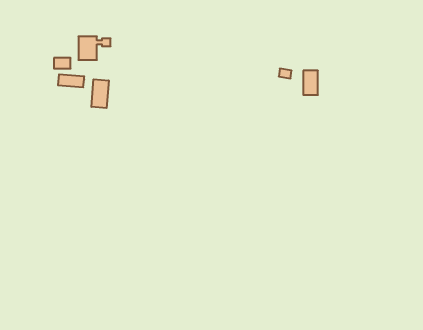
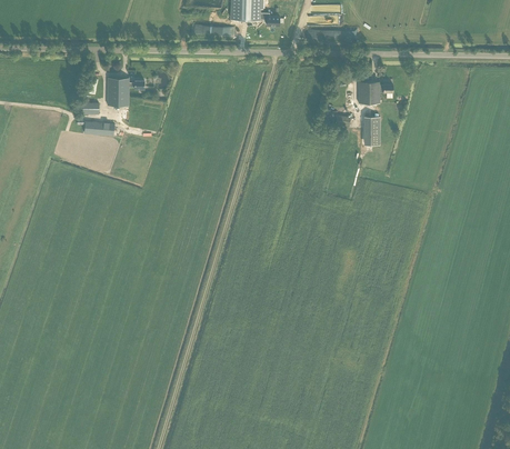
building: none -> [358,81,392,102]
building: [91,79,109,108] -> none

